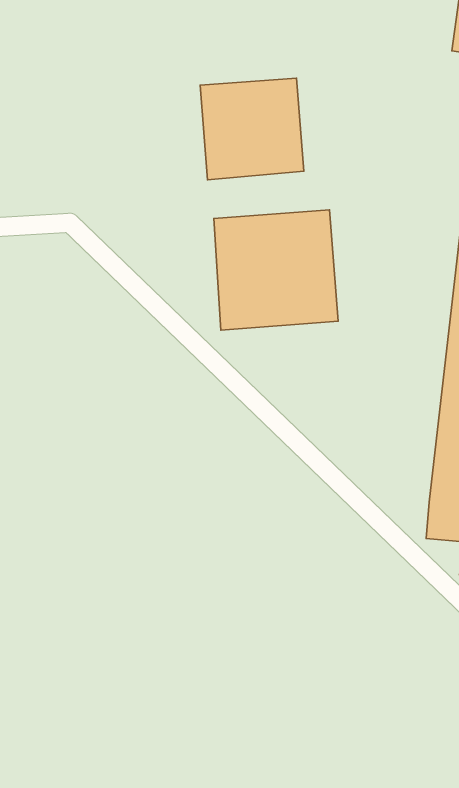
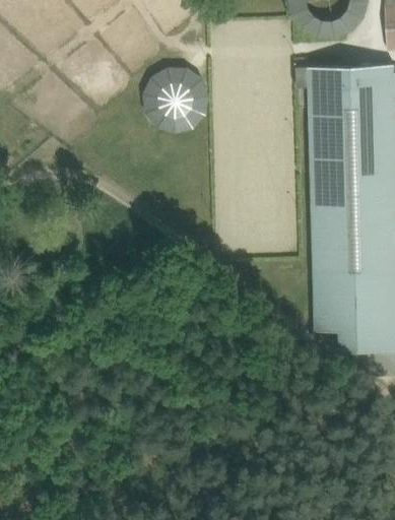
building: [214,210,338,330] -> none

